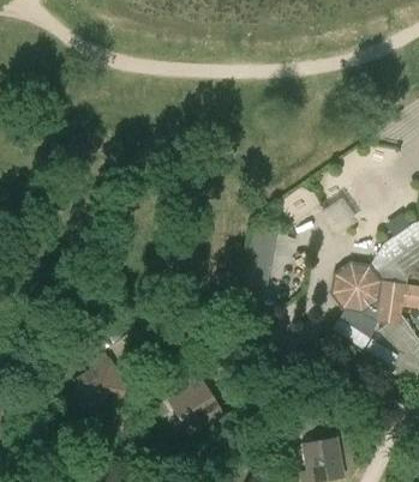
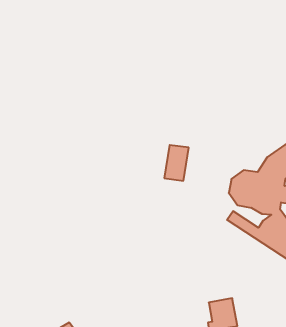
building: [74,355,127,412] -> none
building: [168,376,220,433] -> none

